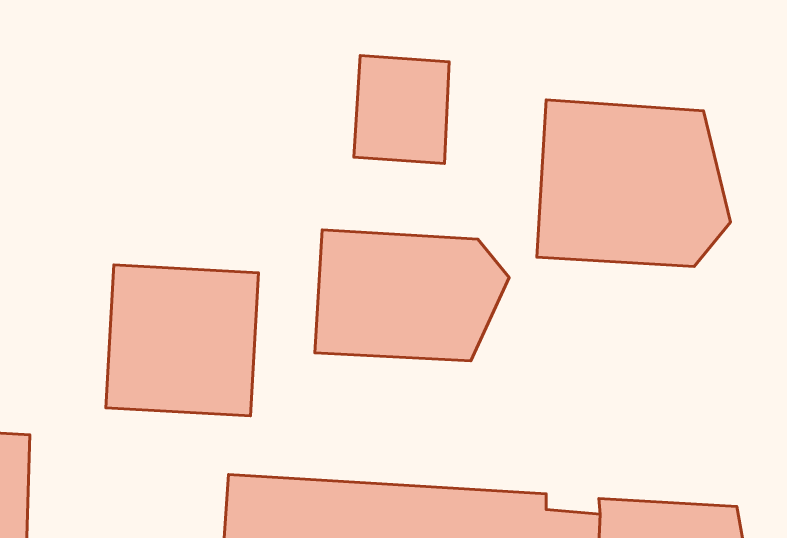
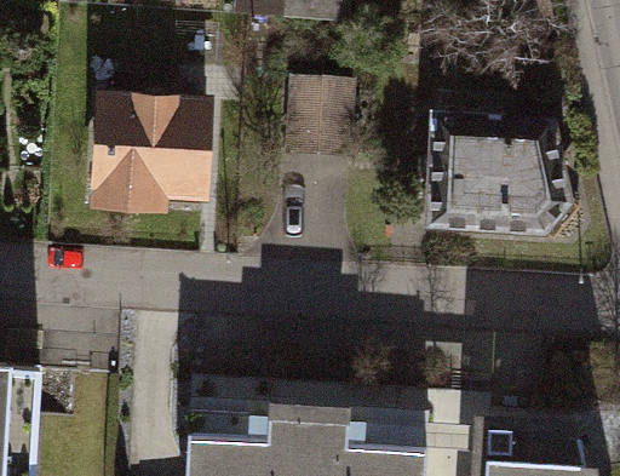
building: [315,230,509,361] -> none
building: [106,265,258,416] -> [93,92,209,207]

